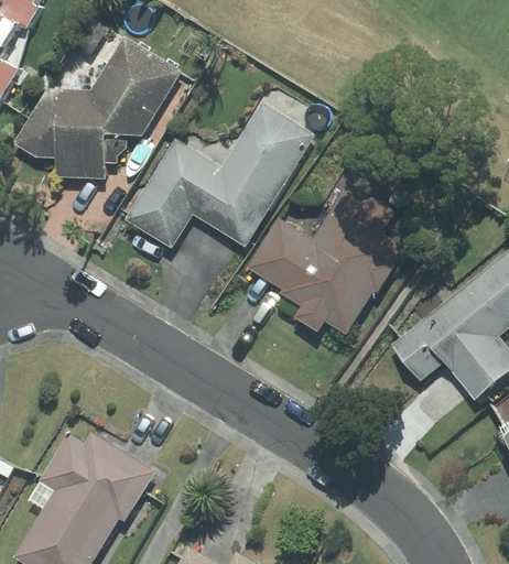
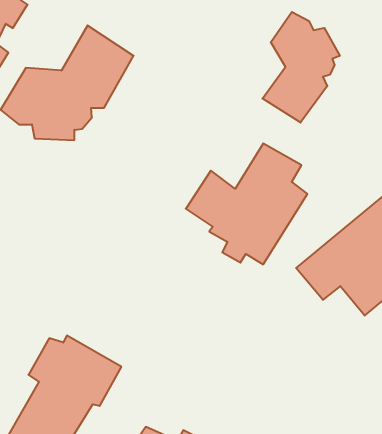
building: none -> [262,12,340,123]
building: [122,102,314,250] -> none

